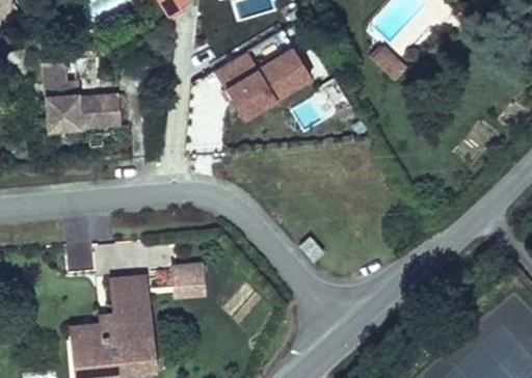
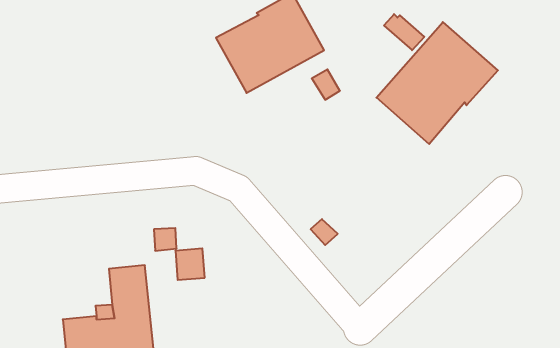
building: none -> [376,22,498,144]
building: [43,60,121,131] -> none

